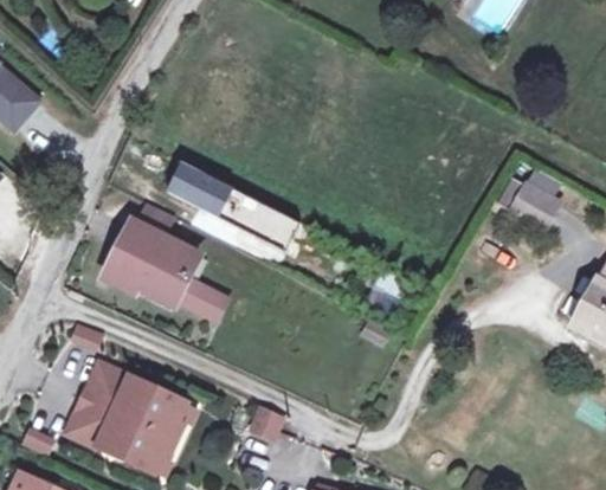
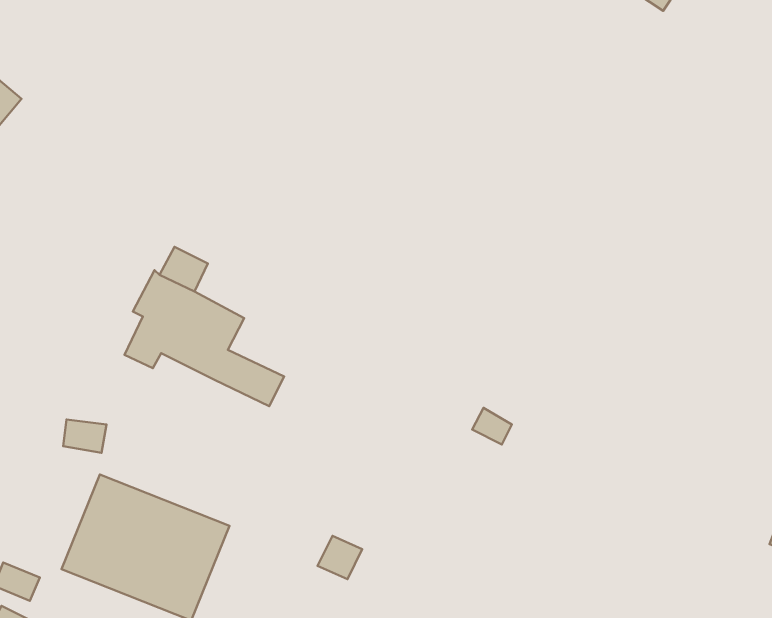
building: [161,166,305,253] -> none
building: [511,185,556,230] -> none

